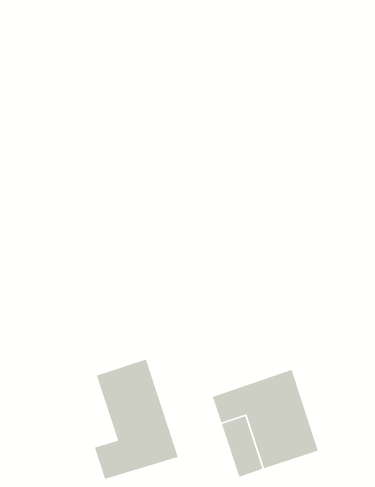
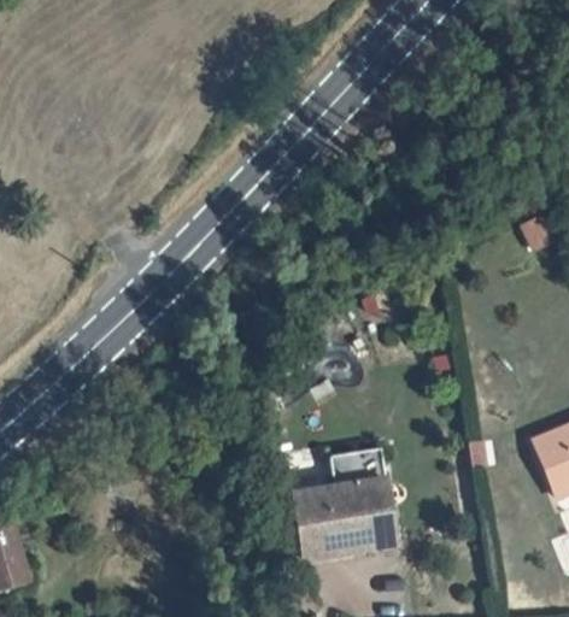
building: [94,358,179,480] -> none

